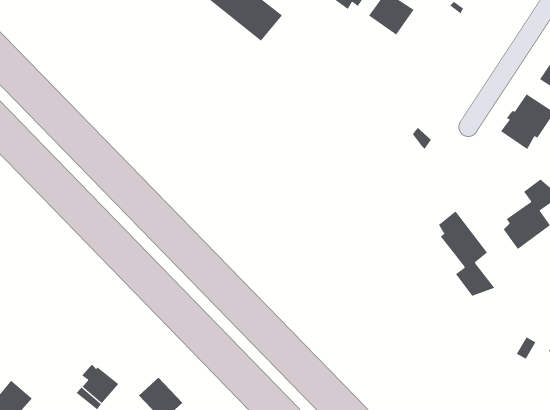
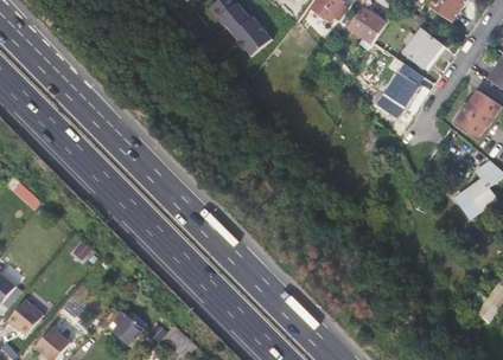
building: none -> [403,27,441,66]
building: none -> [380,72,416,112]
building: [438,210,495,296] -> none

